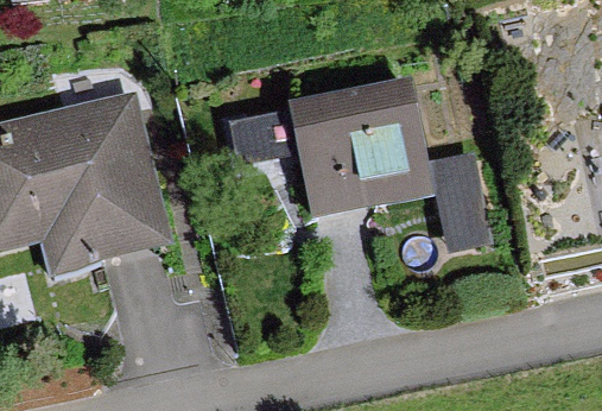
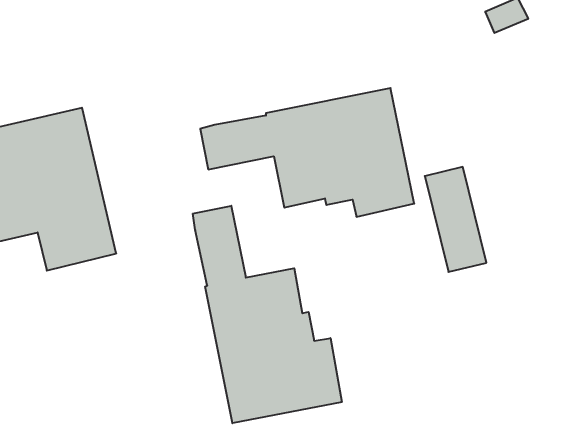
building: none -> [193,206,342,423]

